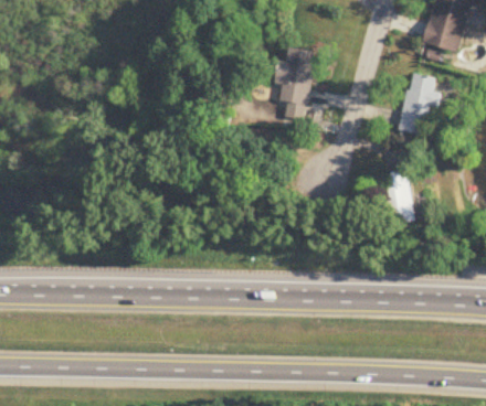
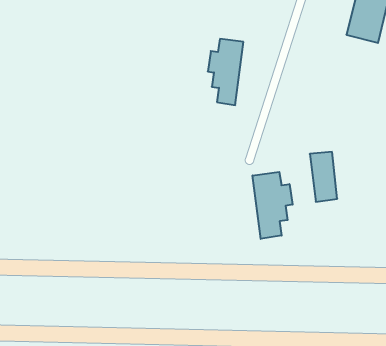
building: [399,73,441,136] -> none
building: none -> [253,172,293,239]

